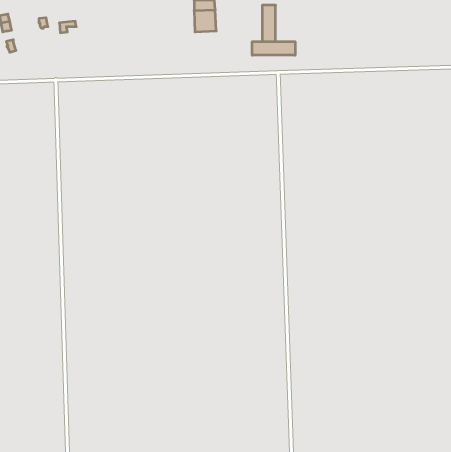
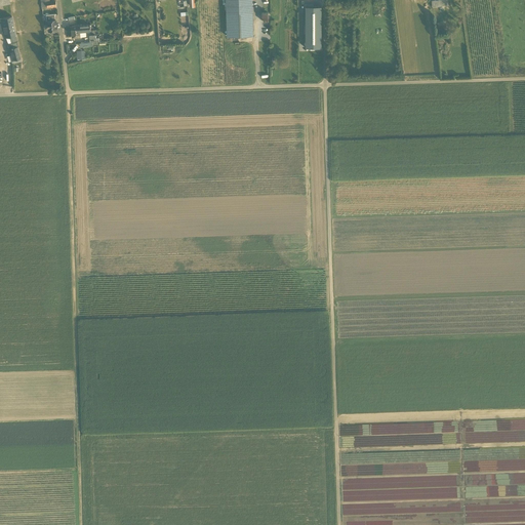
building: [252,42,295,55] -> none

